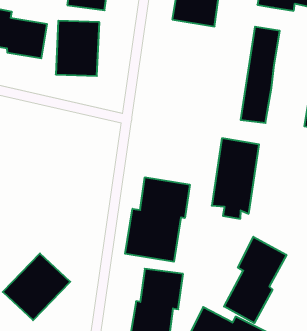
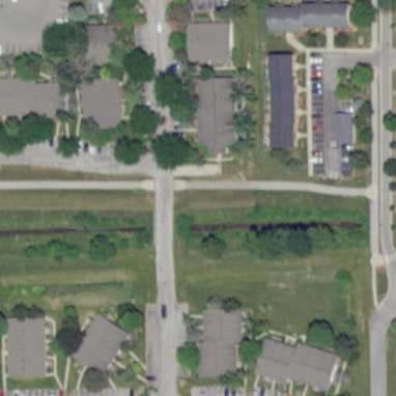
building: [212,138,259,219] -> [194,77,232,152]
building: [125,177,190,262] -> none
building: [224,237,286,323] -> none

